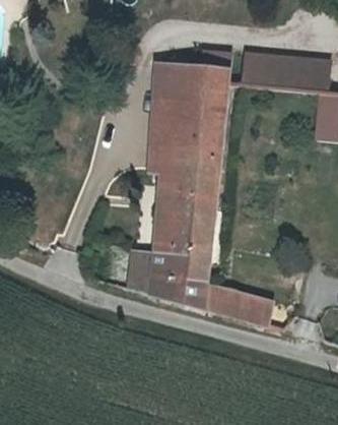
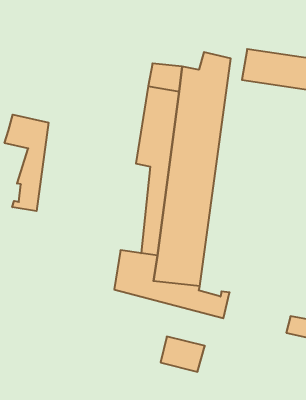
building: none -> [5,115,49,211]
building: [228,290,272,324] -> [161,337,205,372]

